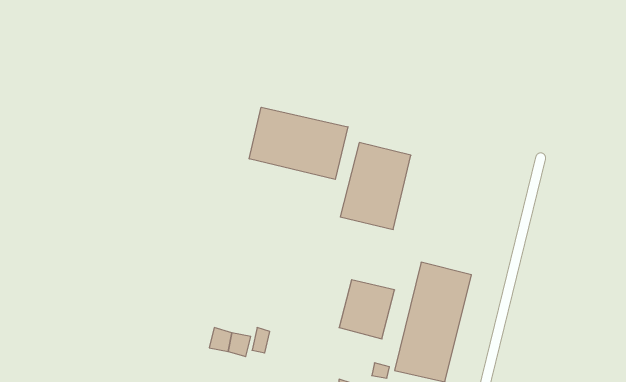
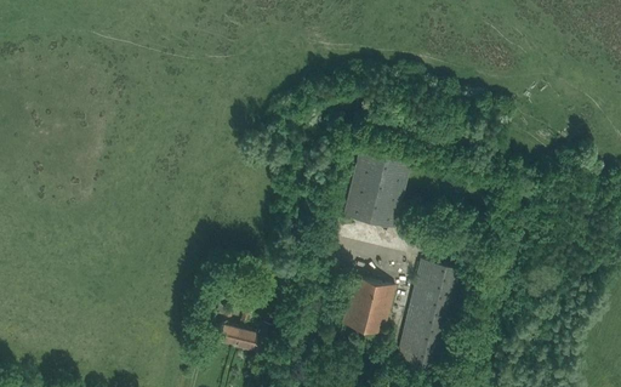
building: [249,107,348,179] -> none

